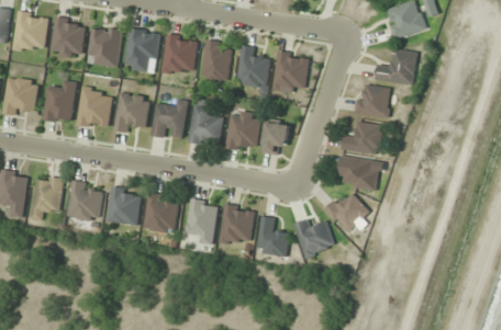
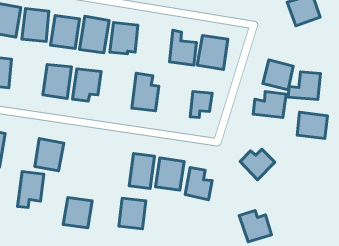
building: [200,41,231,83] -> none
building: [376,49,416,84] -> [288,72,321,100]
building: [44,80,77,123] -> none
building: [152,100,187,139] -> none
building: [227,113,258,151] -> none
building: [339,157,378,190] -> [297,112,328,138]
building: [31,175,64,220] -> [18,172,44,207]
building: [107,187,143,226] -> [63,197,92,228]
building: [144,194,178,232] -> [119,198,146,229]
building: [294,218,335,258] -> [239,210,272,242]

